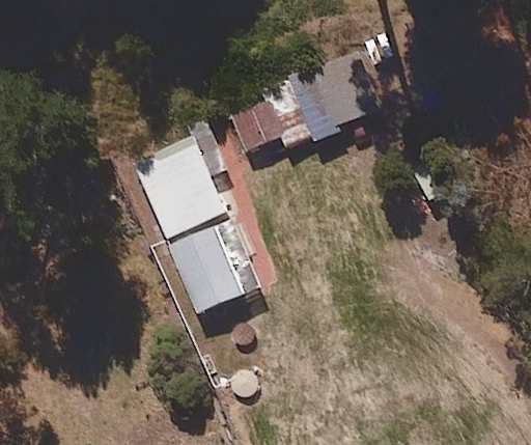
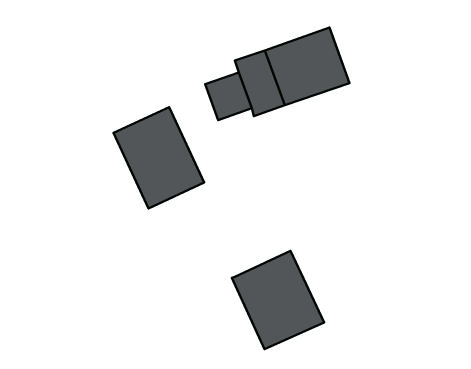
building: [165,214,261,316] -> [232,251,324,349]

